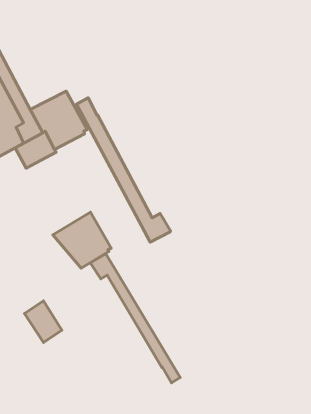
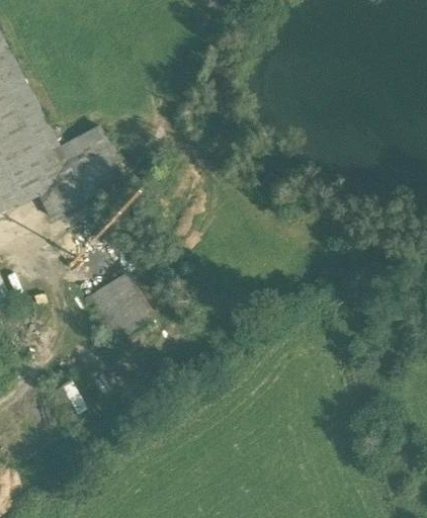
building: [76,98,171,242] -> none
building: [91,254,180,383] -> none

